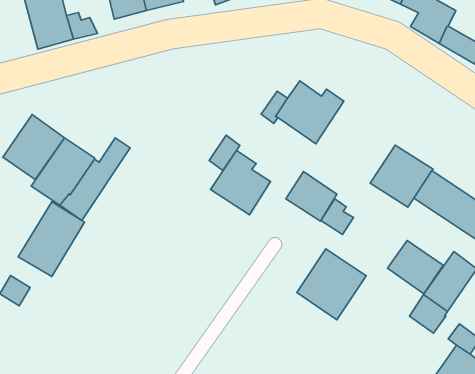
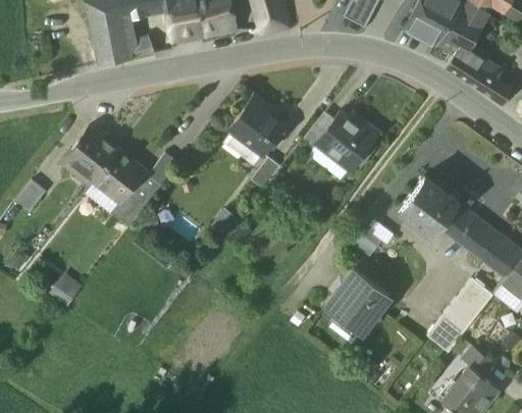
building: [210,151,270,215] -> [228,94,284,154]
building: [286,172,337,221] -> none
building: [18,202,85,276] -> none
building: [387,240,443,294] -> none

